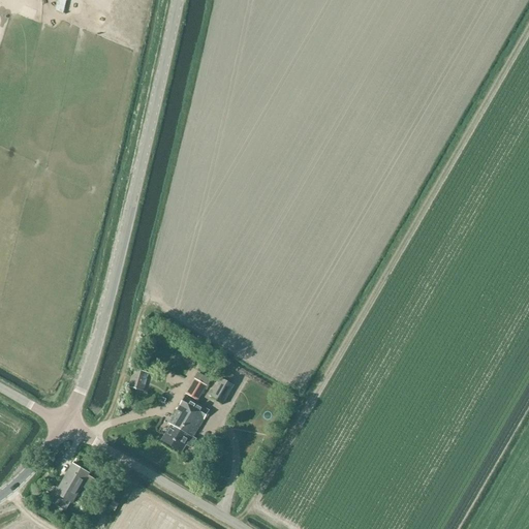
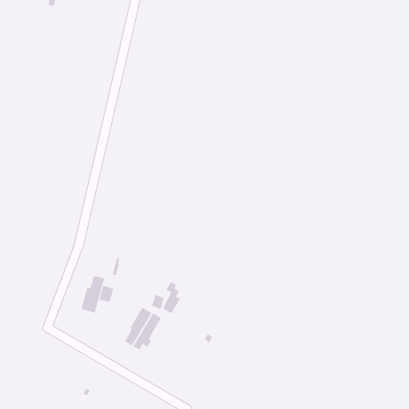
building: none -> [81,275,105,314]
building: [49,462,98,509] -> none

